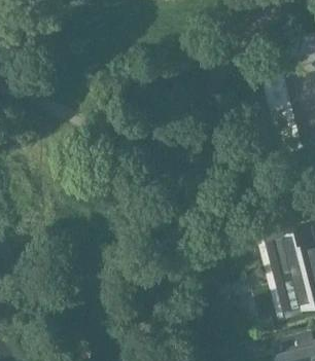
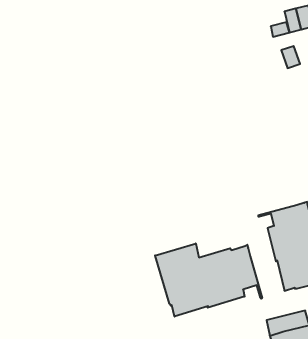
building: none -> [155,243,262,317]

